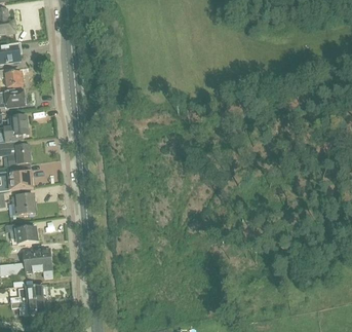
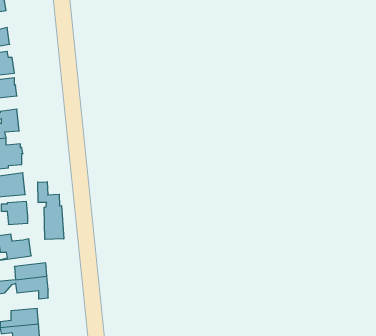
building: none -> [38,182,64,239]

